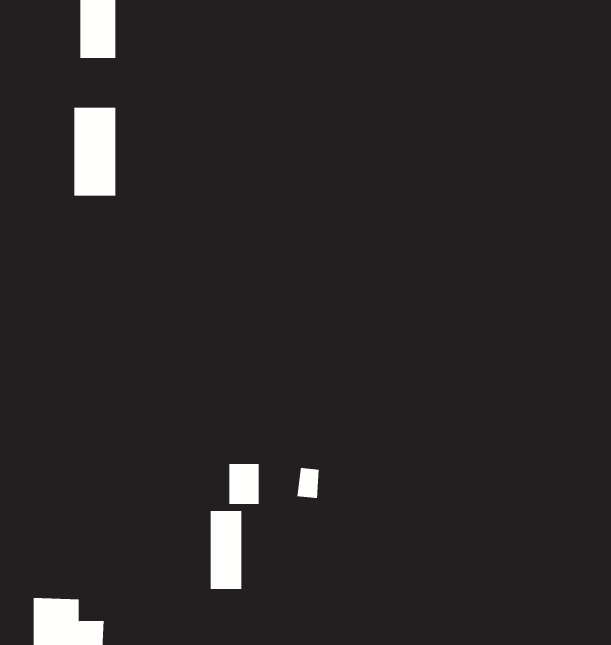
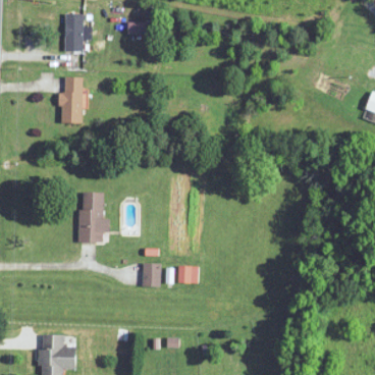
building: none -> [78,193,108,244]
building: [210,510,242,590] -> none

